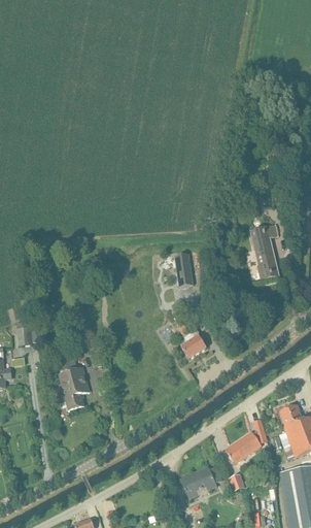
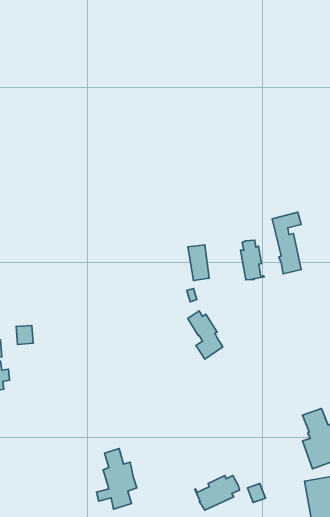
building: none -> [241,240,264,280]
building: [53,355,90,410] -> [97,449,137,509]
building: [226,420,267,462] -> none

